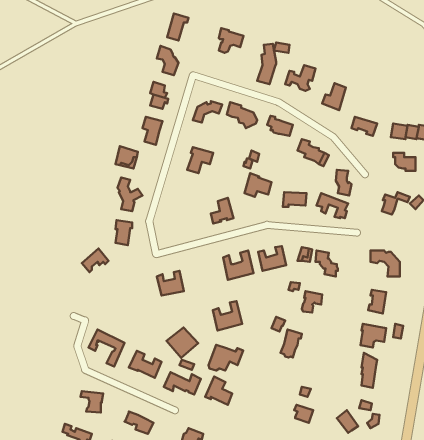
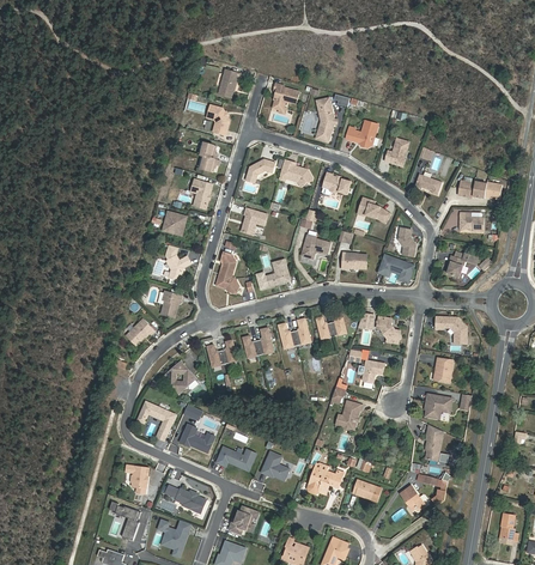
building: none -> [217,251,238,291]
building: [213,301,242,331] -> [243,326,274,357]
building: [167,327,198,358] -> [163,359,196,391]
building: [208,345,243,371] -> [306,467,344,494]

